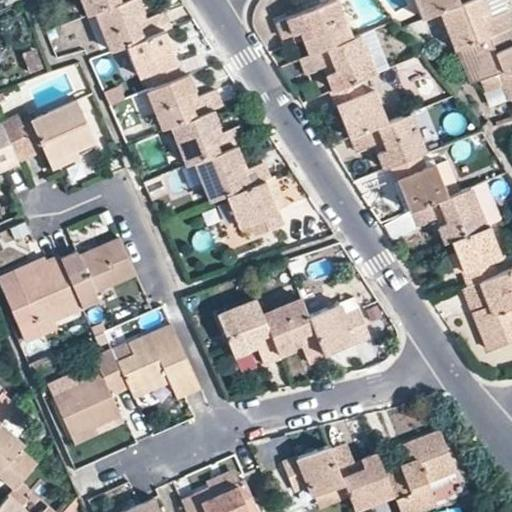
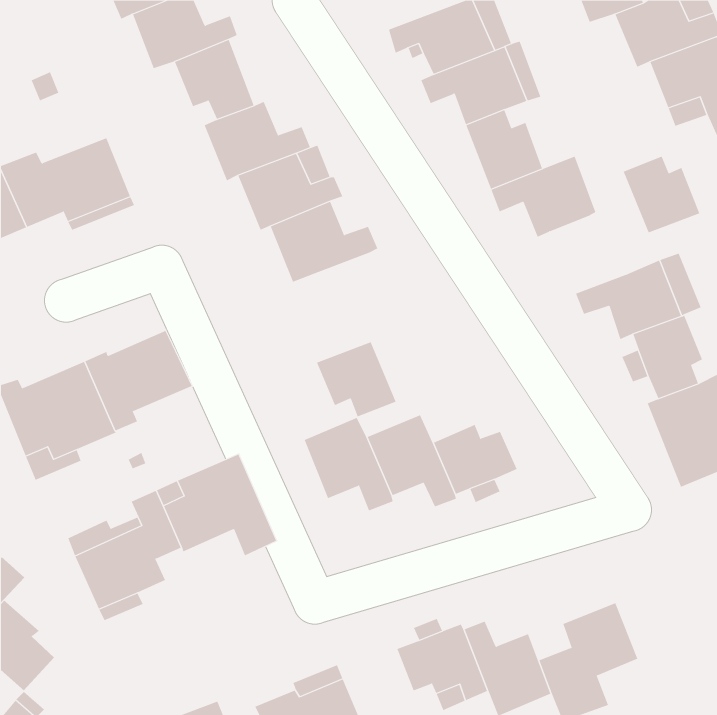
building: [392,156,447,211] -> [623,156,700,233]
building: [225,182,282,236] -> [316,341,396,417]

